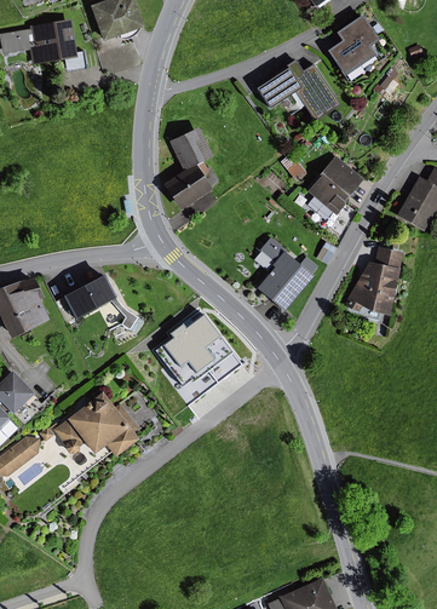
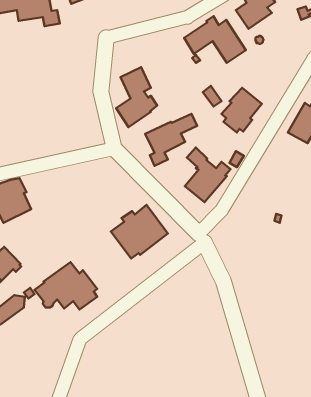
building: none -> [145,114,197,166]
building: [344,247,402,315] -> none
building: [63,274,138,331] -> none

